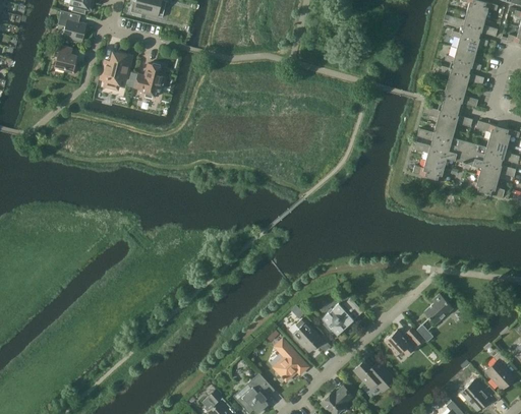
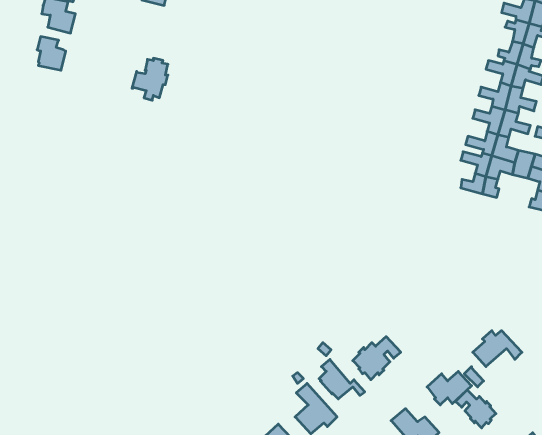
building: [102,53,131,85] -> none
building: none -> [456,390,496,428]

